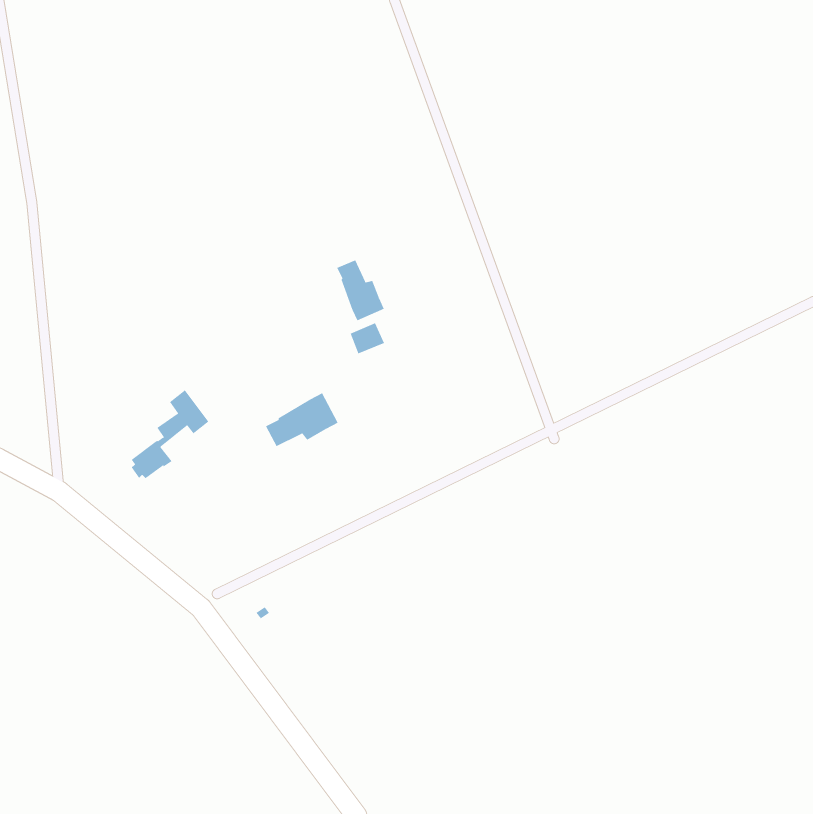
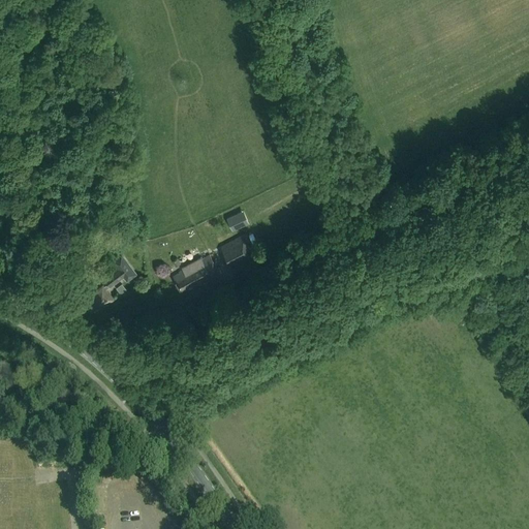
building: [337,259,385,321] -> none
building: none -> [219,236,253,269]

